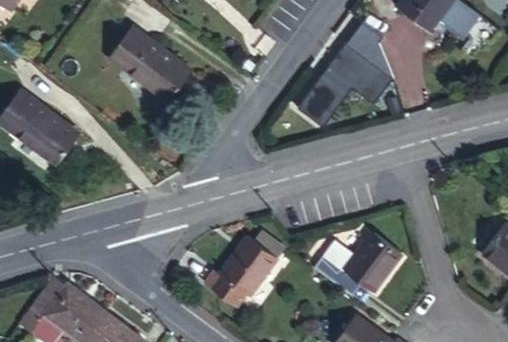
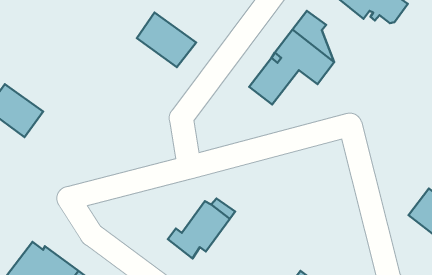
building: [117,45,184,107] -> [137,12,196,67]
building: [313,232,399,289] -> none

